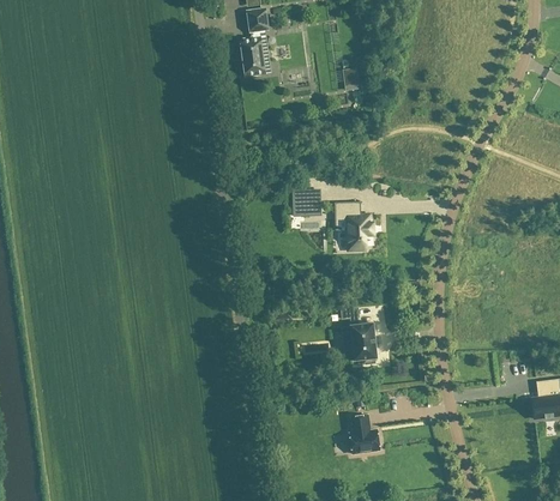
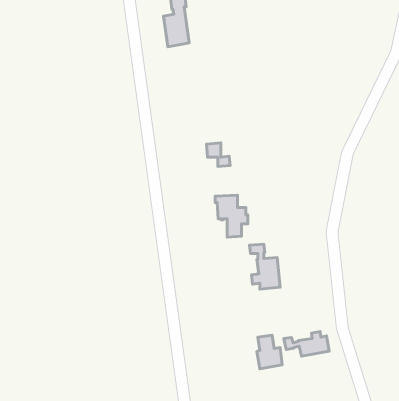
building: [335,201,373,251] -> [215,195,248,237]
building: none -> [284,332,329,356]

